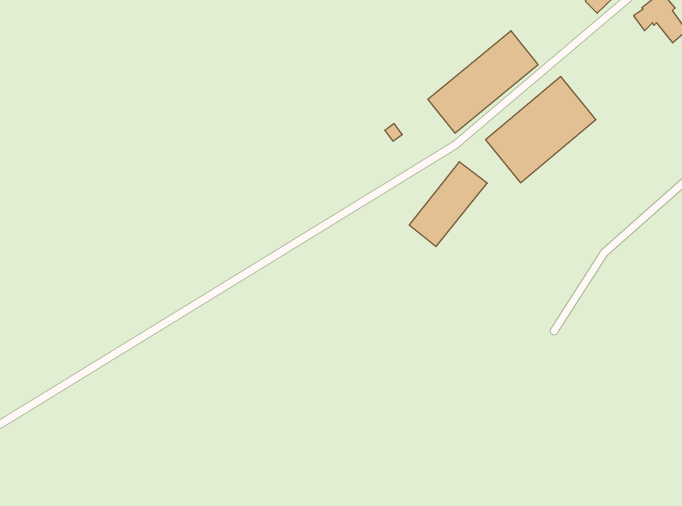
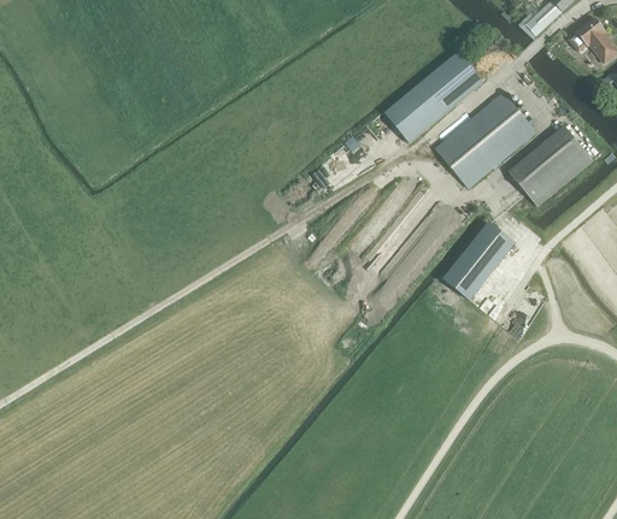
building: none -> [509,125,593,206]
building: [409,162,487,246] -> [445,223,515,299]

